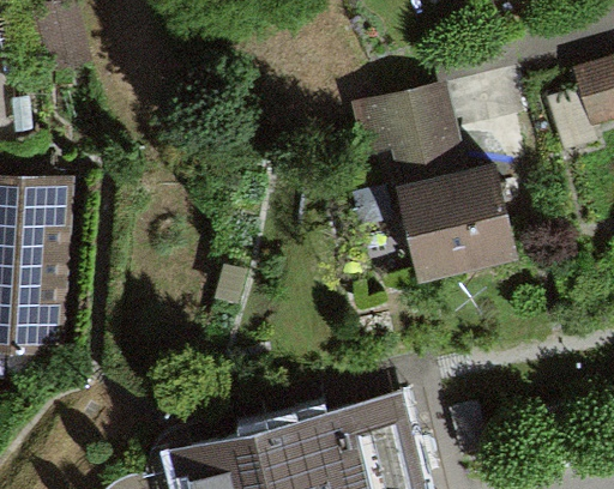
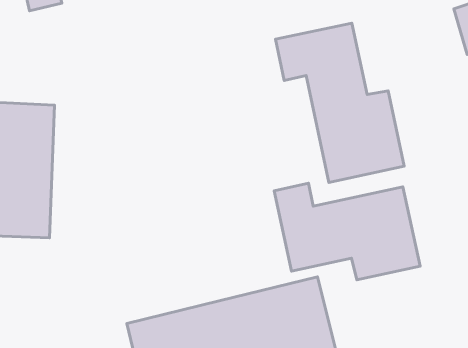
building: none -> [274,183,420,280]

